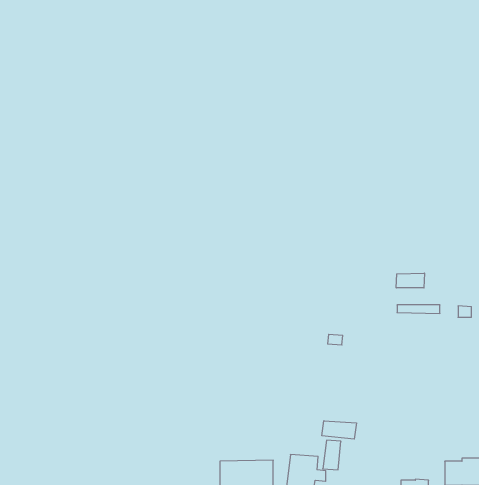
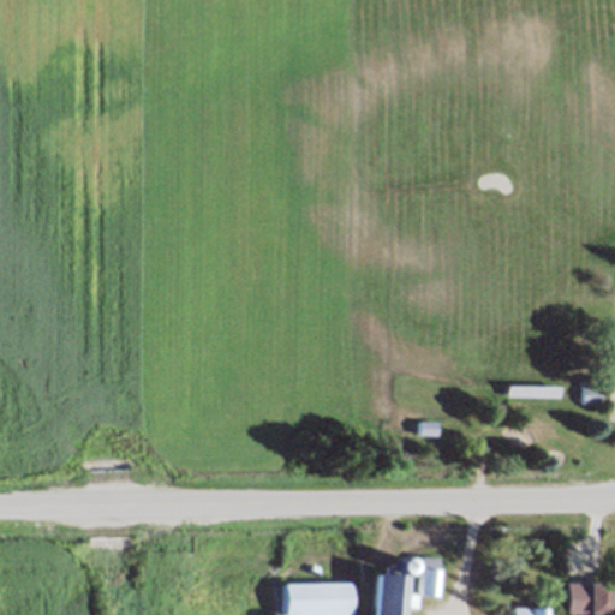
building: [396,273,424,288] -> none
building: [322,421,356,439] -> none

